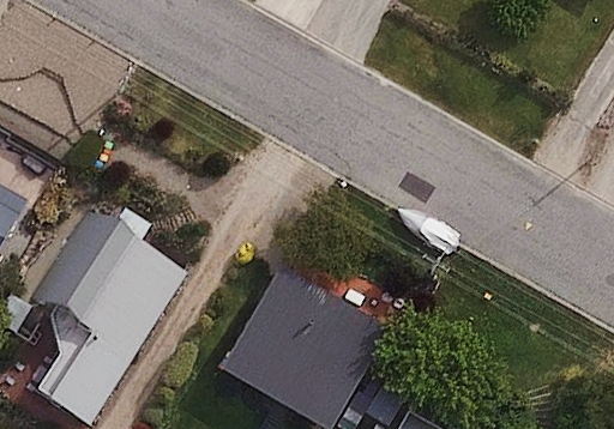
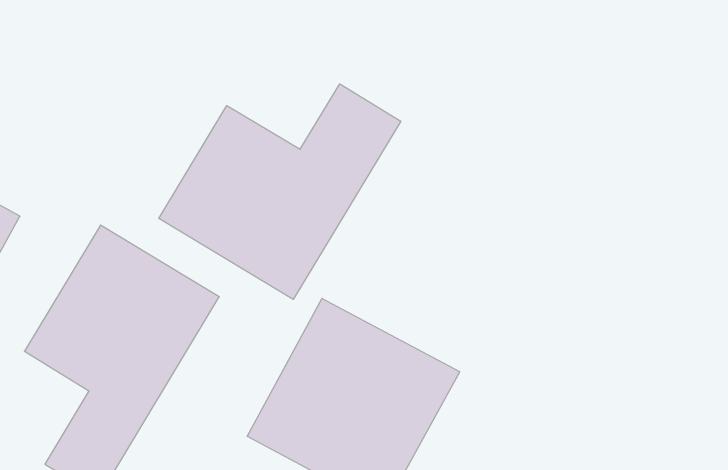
building: none -> [159,84,401,299]

